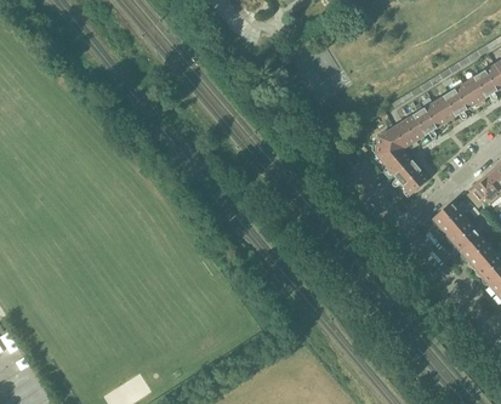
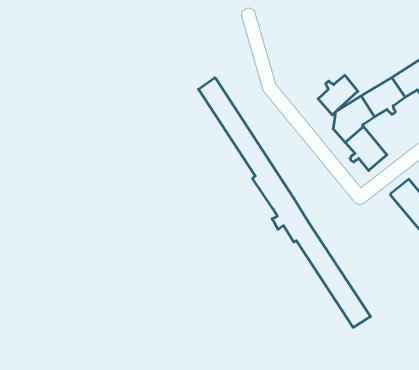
building: none -> [318,75,358,115]
building: none -> [198,78,371,327]

